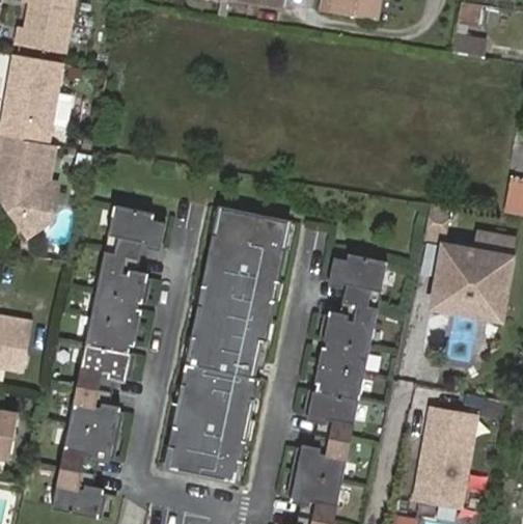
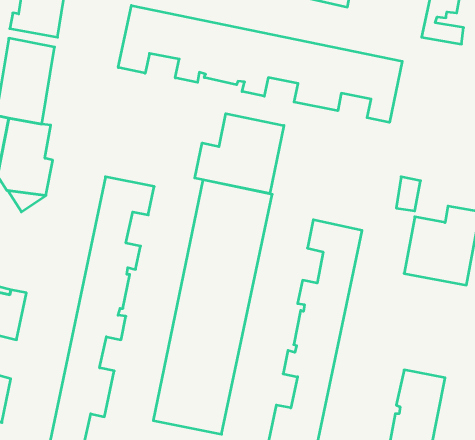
building: none -> [118,5,402,122]
building: none -> [195,114,284,194]

